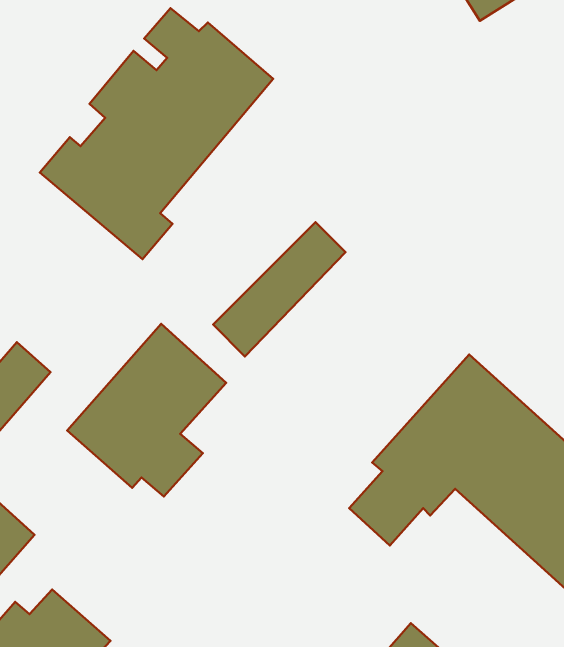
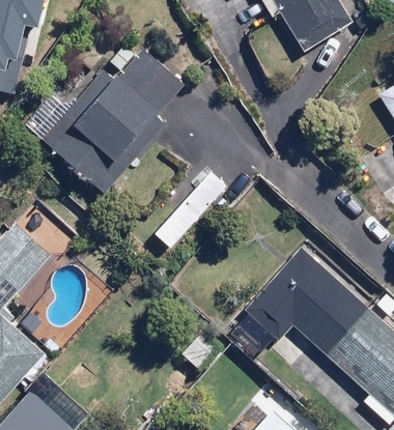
building: [67,324,226,497] -> none

